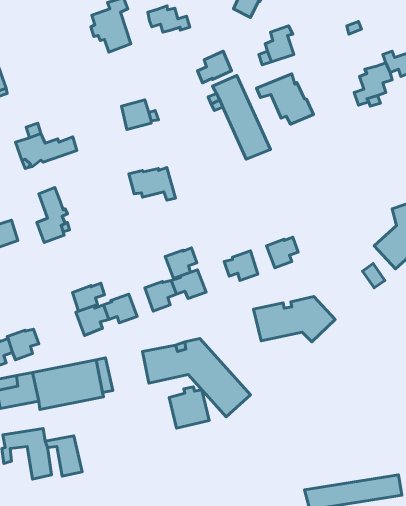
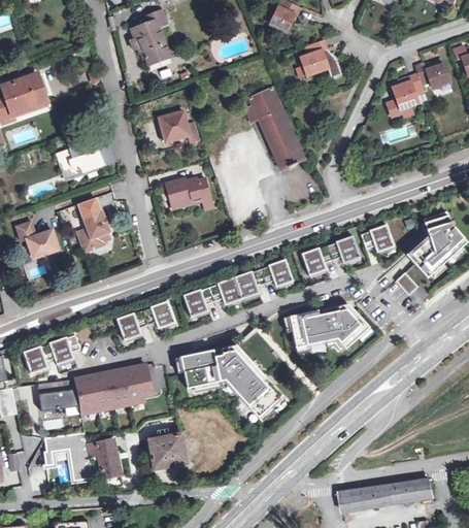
building: [148,6,190,32] -> none
building: [197,51,231,83] -> none
building: [256,74,313,124] -> none
building: none -> [361,224,394,253]
building: none -> [327,235,360,264]
building: [165,248,197,279] -> [234,269,265,299]
building: [72,283,105,311] -> none
building: [169,387,209,428] -> [147,430,187,470]

